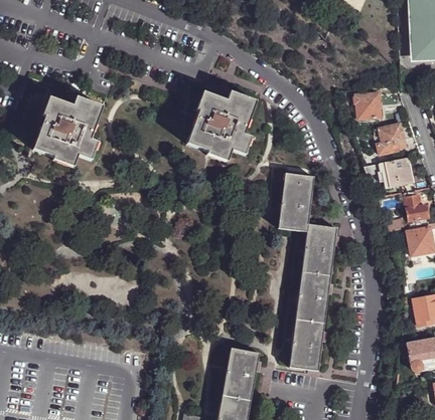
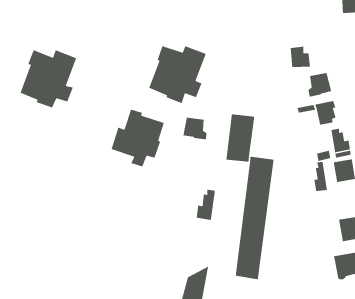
building: none -> [110,109,165,167]
building: none -> [182,117,208,140]
building: none -> [313,161,328,192]
building: none -> [196,189,216,221]

